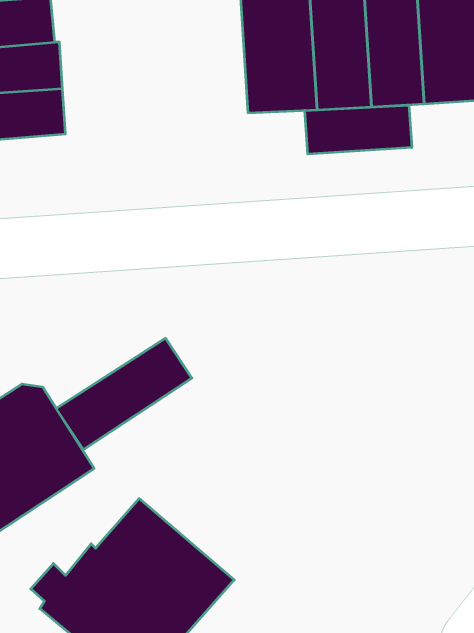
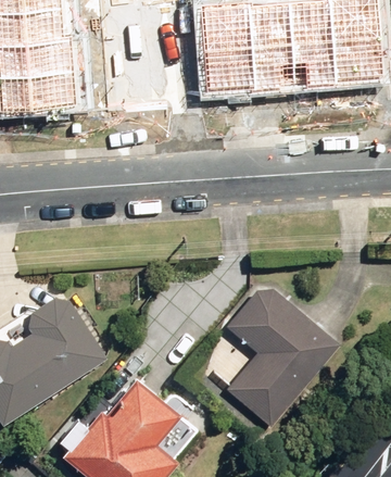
building: [305,105,412,154] -> none
building: [56,338,192,449] -> none
building: none -> [227,287,339,425]

